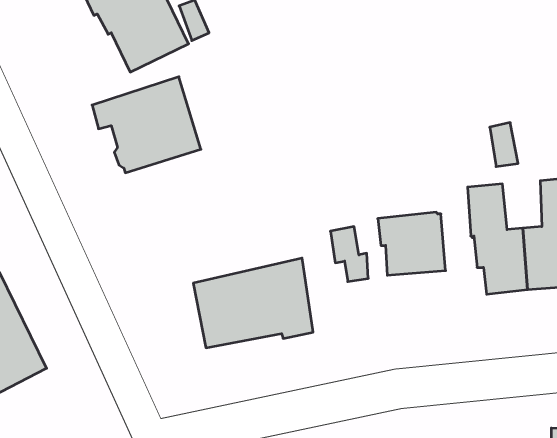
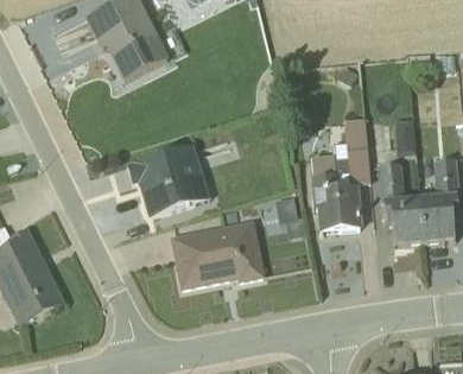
building: [92,77,201,173] -> [127,142,209,215]
building: none -> [311,118,369,189]

